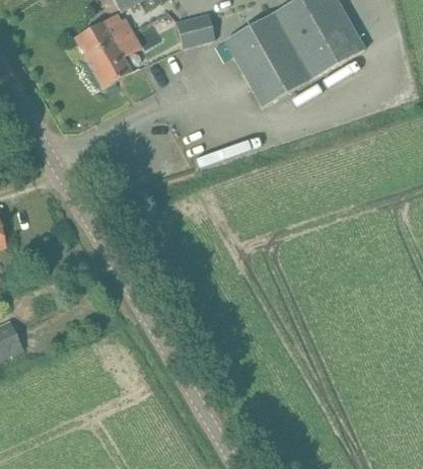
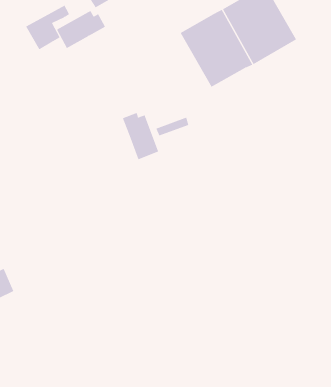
building: [177,14,212,47] -> none
building: [87,32,141,87] -> [25,5,70,50]
building: none -> [122,112,159,160]

